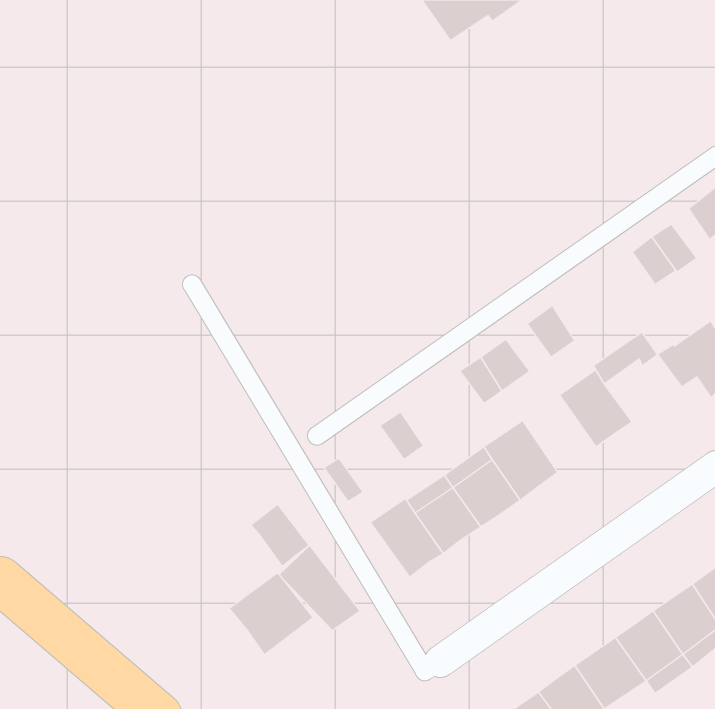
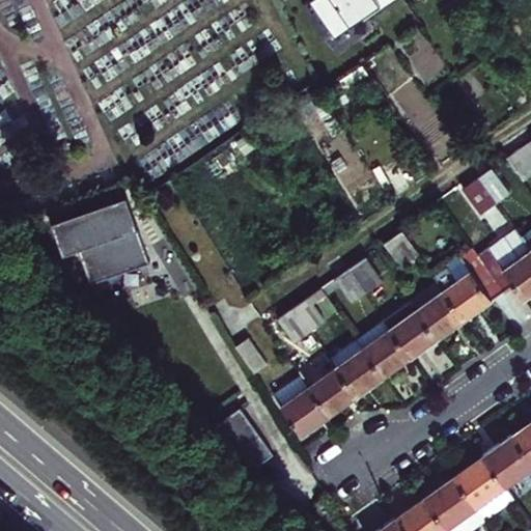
building: none -> [47,197,144,283]
building: none -> [448,268,505,317]
building: none -> [298,290,343,335]
building: none -> [388,298,442,355]
building: [251,504,309,566] -> none
building: [229,572,313,655] -> none

